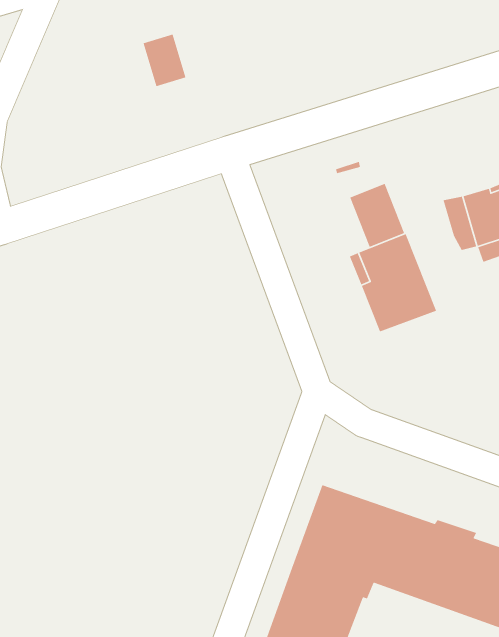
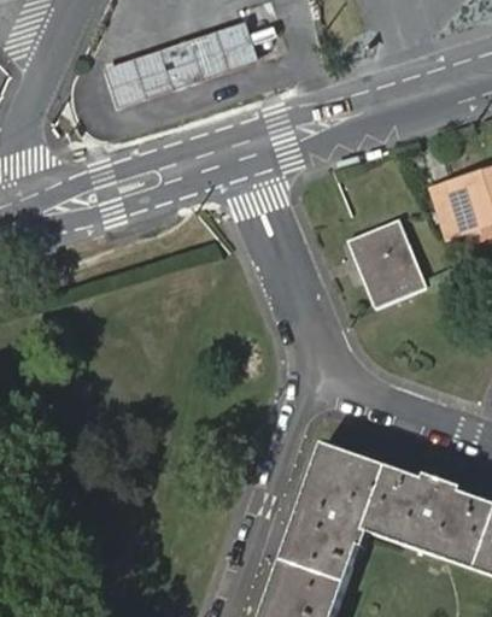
building: none -> [189,20,257,78]
building: none -> [106,47,174,105]
building: [349,183,405,248] -> none

